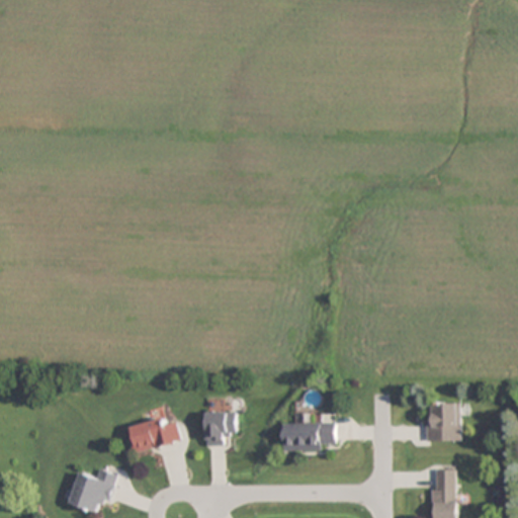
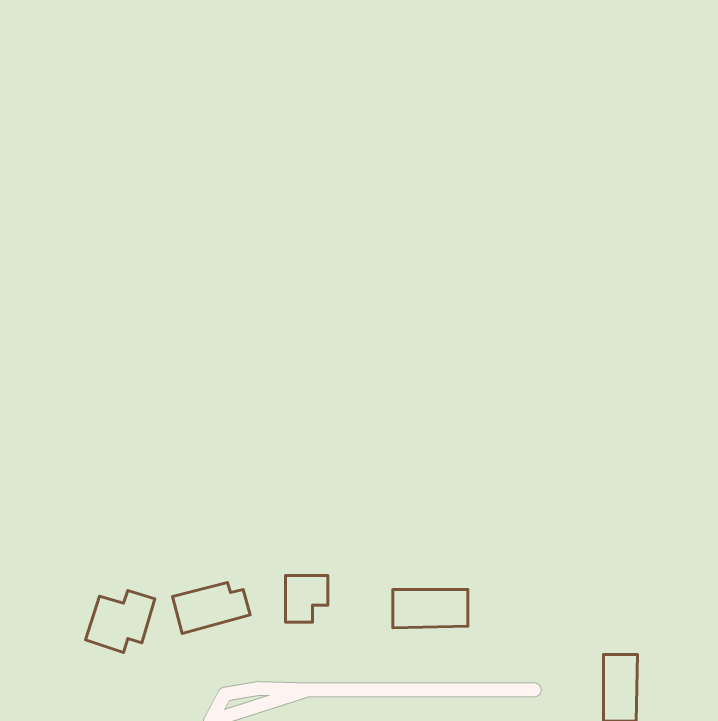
building: [426,405,459,442] -> none
building: [67,467,116,512] -> [85,590,155,653]

